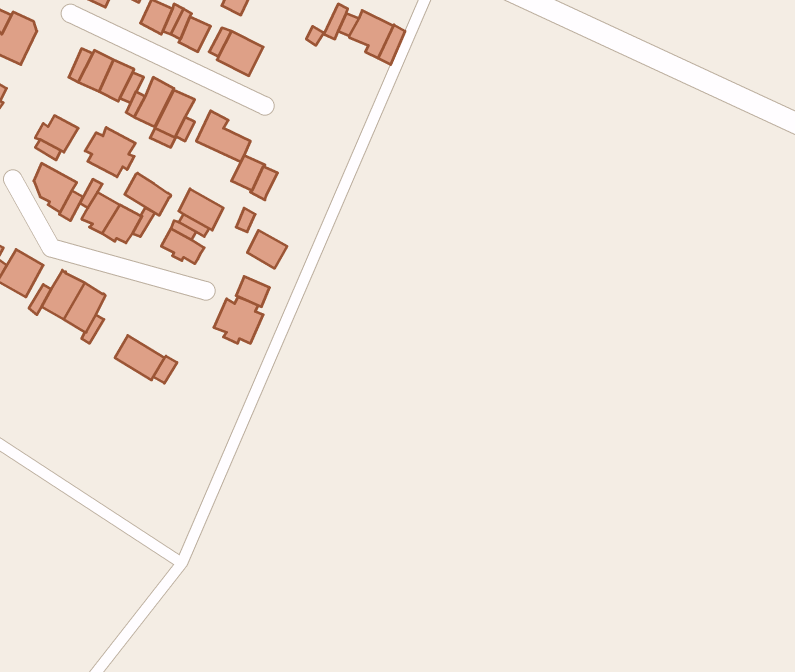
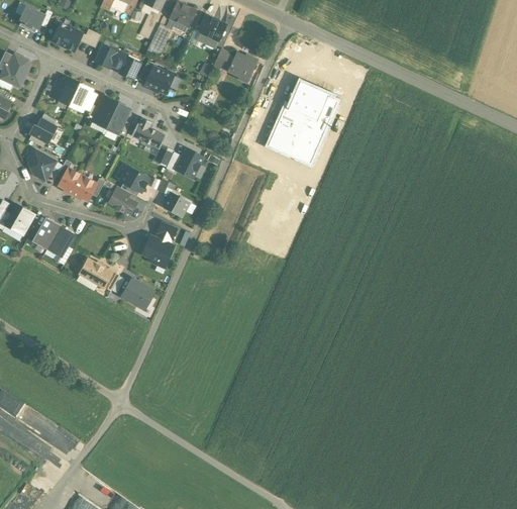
building: none -> [268,81,338,164]
building: [85,127,135,177] -> none
building: none -> [176,148,203,178]
building: [125,173,171,215] -> none
building: none -> [123,281,152,308]

